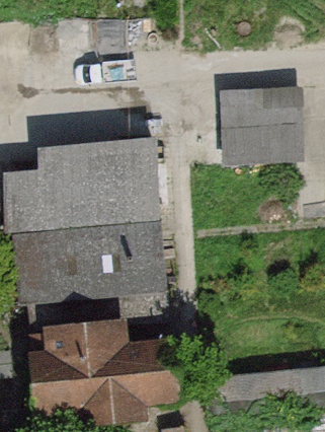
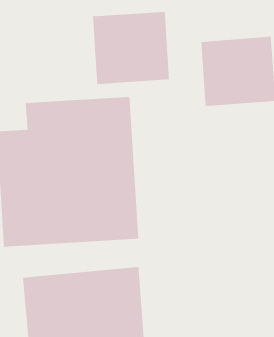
building: none -> [92,11,169,85]

